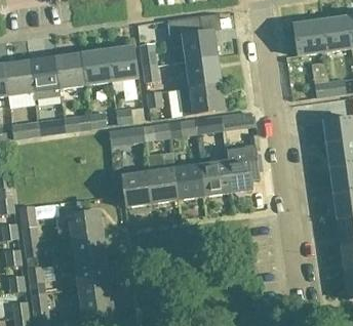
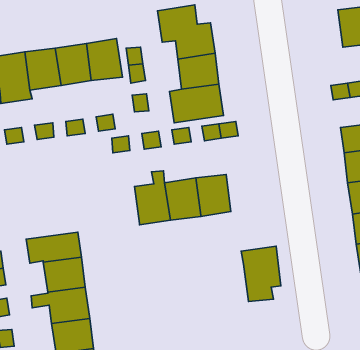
building: [295,18,325,54] -> none
building: [224,144,258,191] -> [241,246,281,302]
building: [121,169,152,205] -> none

